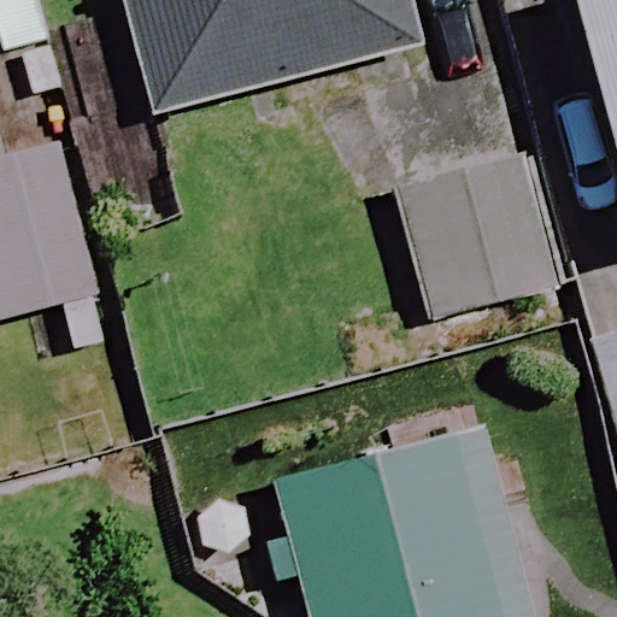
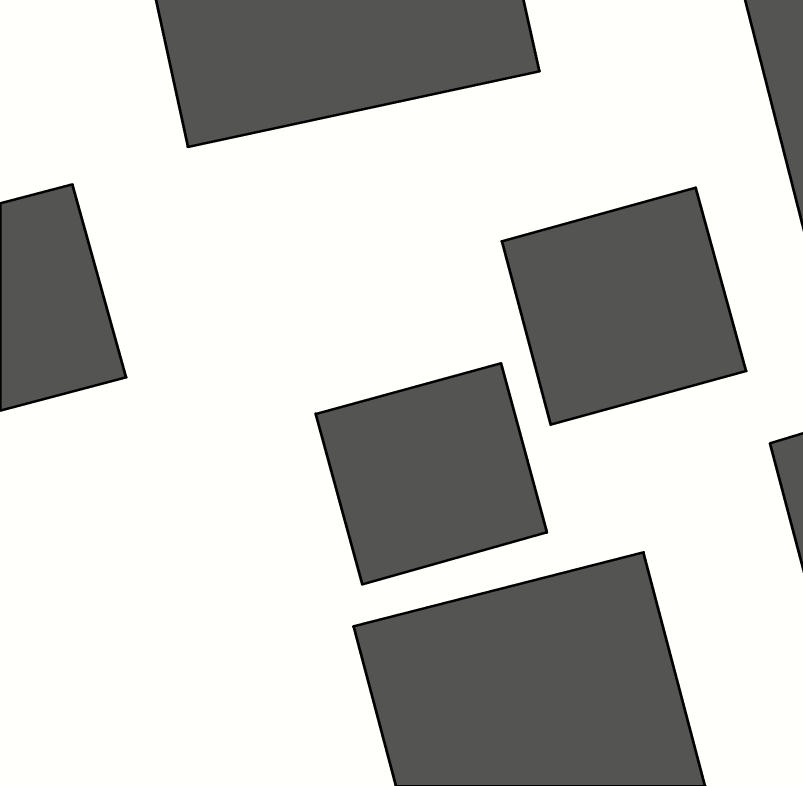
building: none -> [316,363,547,584]

